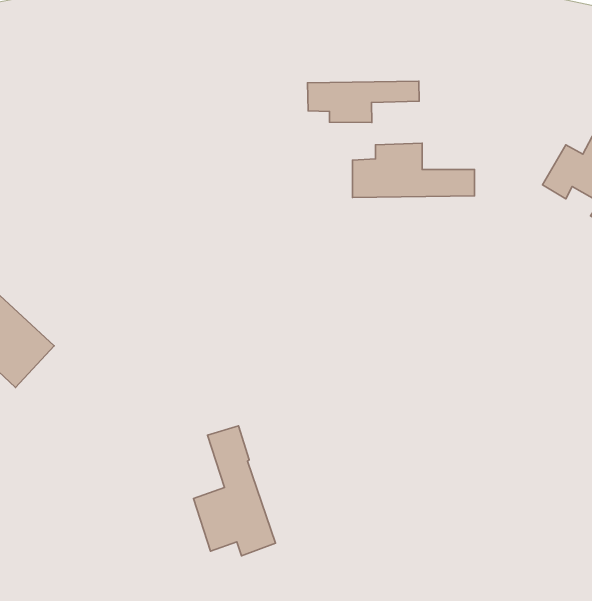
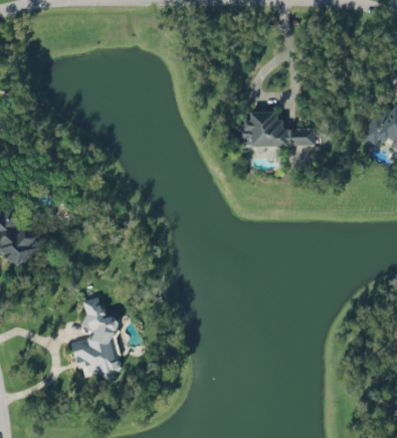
building: [307,81,419,122] -> none
building: [193,426,275,556] -> [72,296,126,381]

